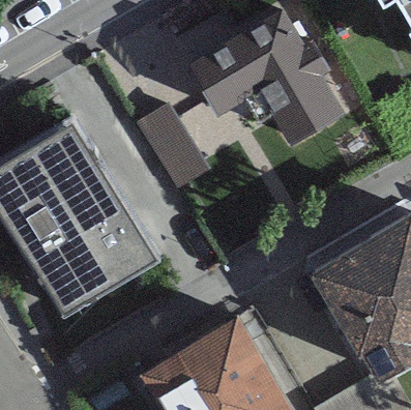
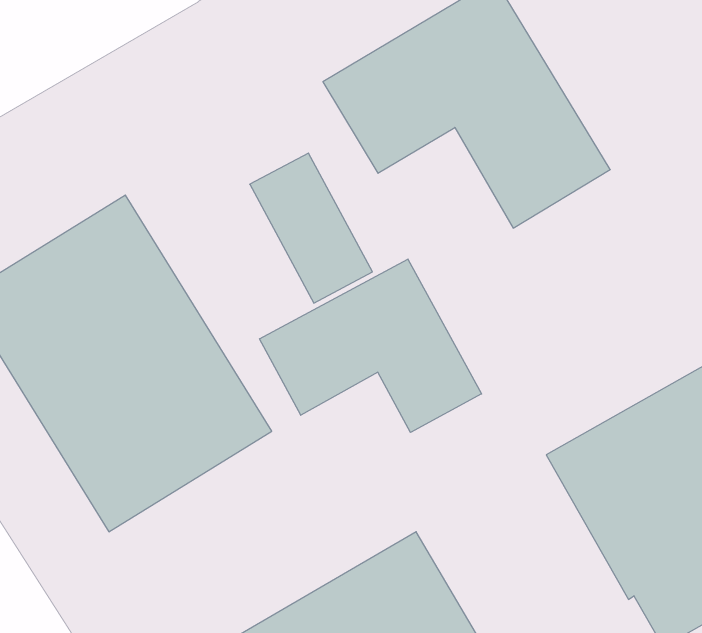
building: none -> [260,259,482,432]

